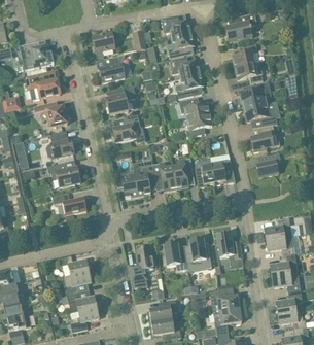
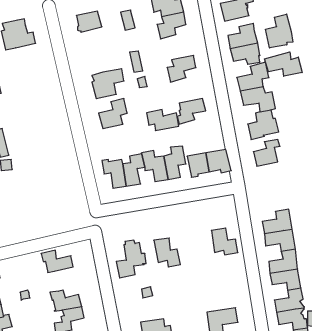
building: none -> [266,14,293,48]
building: [98,55,124,81] -> none
building: [169,56,200,77] -> none
building: none -> [265,52,302,76]
building: [24,70,60,97] -> none
building: [178,98,208,117] -> [147,110,179,131]
building: [32,100,69,127] -> none
building: [44,130,73,158] -> none
building: [46,162,79,185] -> none
building: [51,193,85,214] -> none
building: [184,238,211,271] -> none
building: [62,270,90,294] -> none
building: [209,288,239,312] -> none
building: [148,299,176,321] -> none

